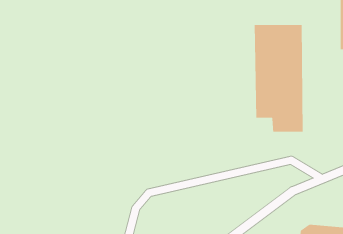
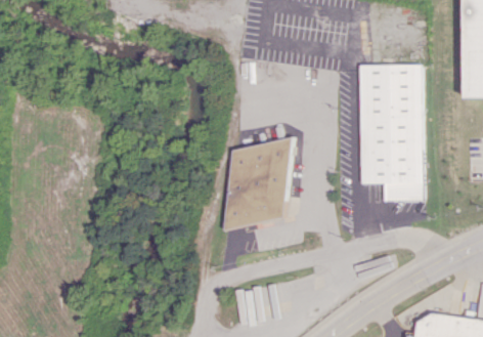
building: none -> [226,138,293,228]

